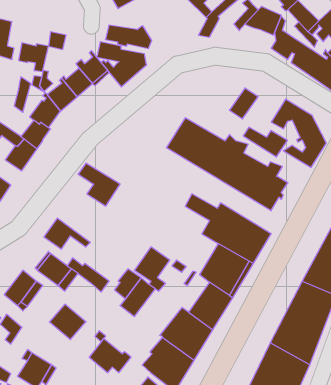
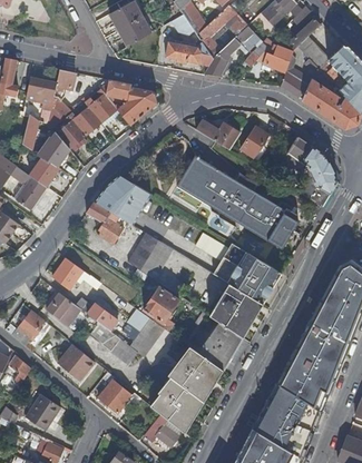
building: [105,25,152,48] -> [164,42,211,66]
building: [243,127,287,157] -> [194,119,238,149]
building: none -> [94,175,150,226]
building: none -> [128,234,174,279]
building: none -> [90,323,137,365]

